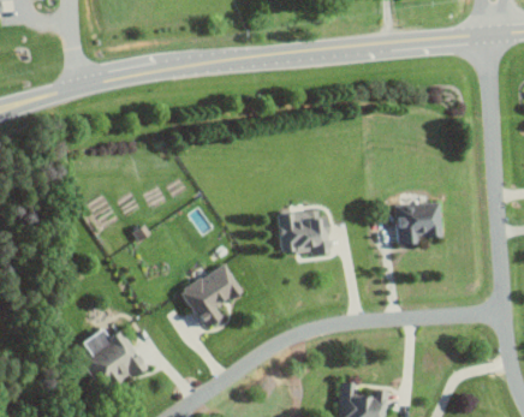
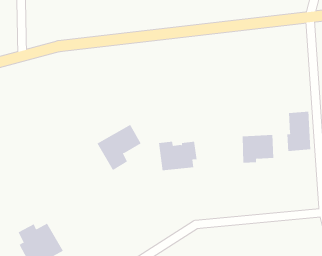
building: none -> [287,111,311,152]
building: [179,263,243,329] -> [96,124,142,171]

